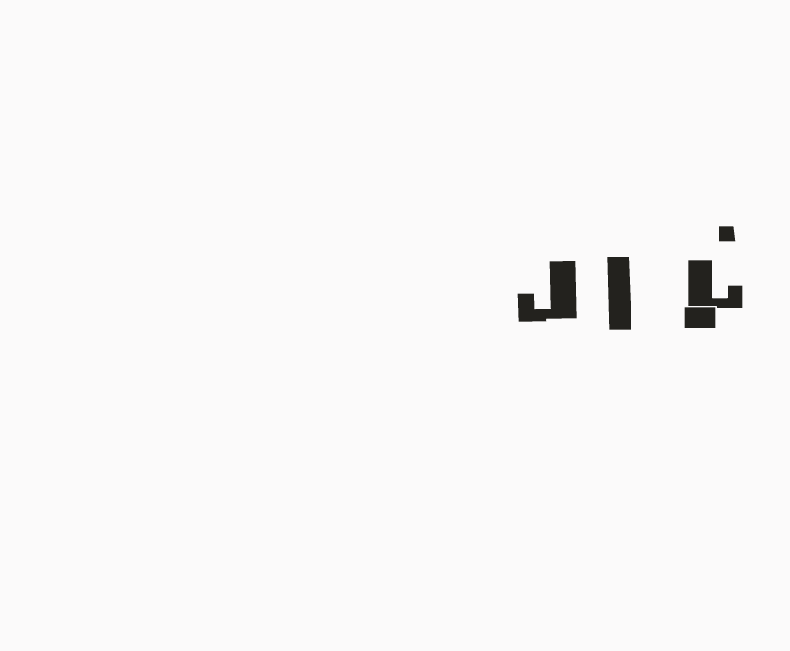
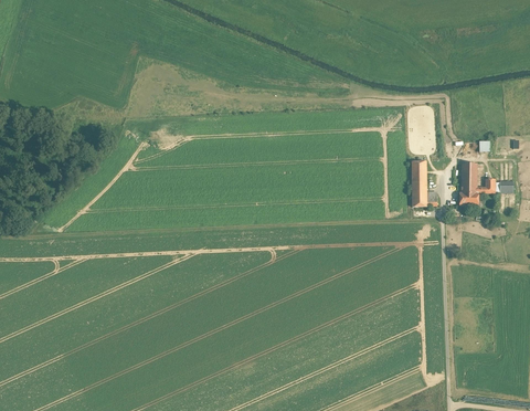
building: [517,260,577,323] -> none

